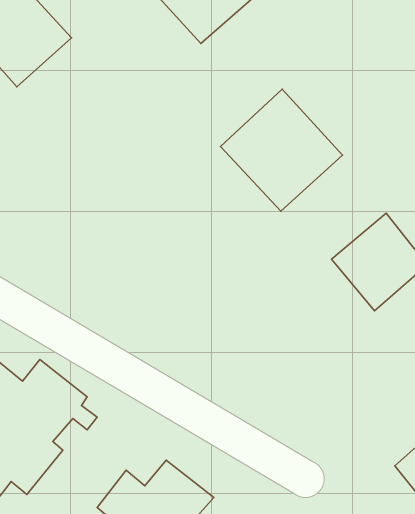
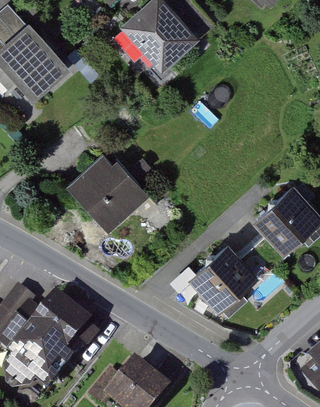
building: [220,89,343,211] -> [66,148,151,233]
building: none -> [188,244,262,317]

